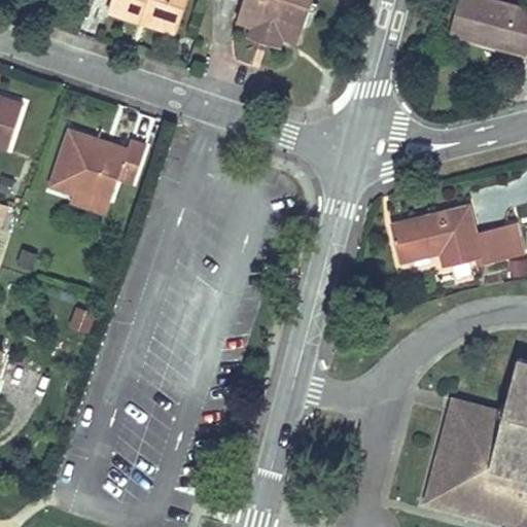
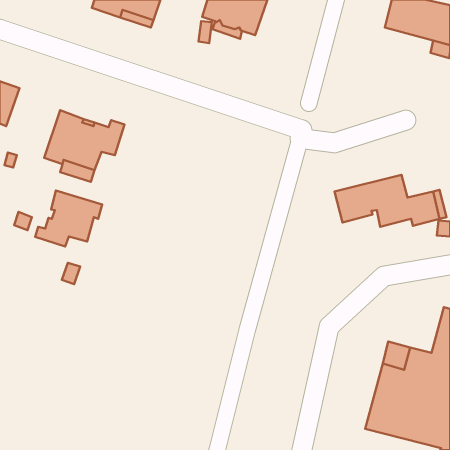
building: none -> [35,191,102,246]

